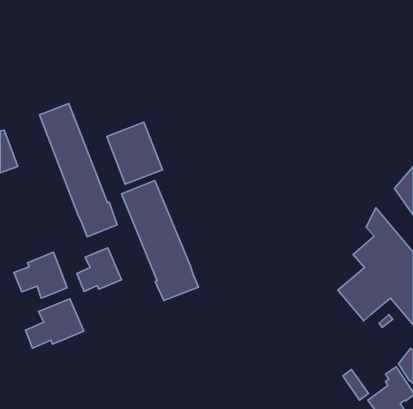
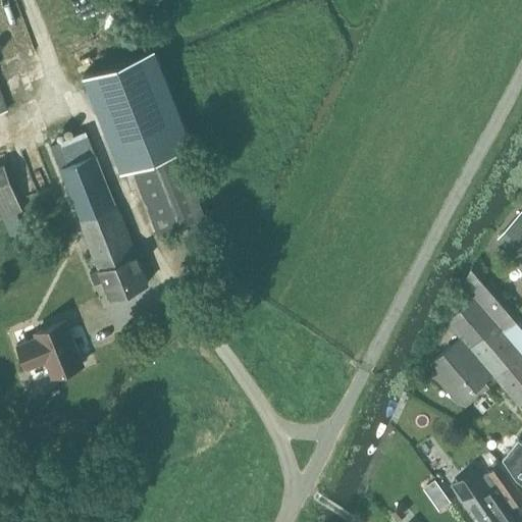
building: none -> [85,51,193,174]
building: [121,180,198,301] -> none
building: [77,248,122,291] -> none
building: [25,299,84,348] -> none

